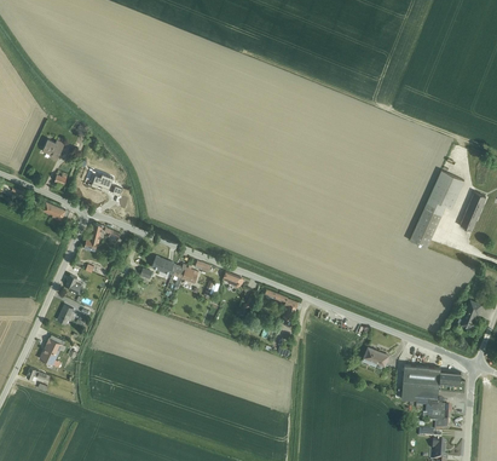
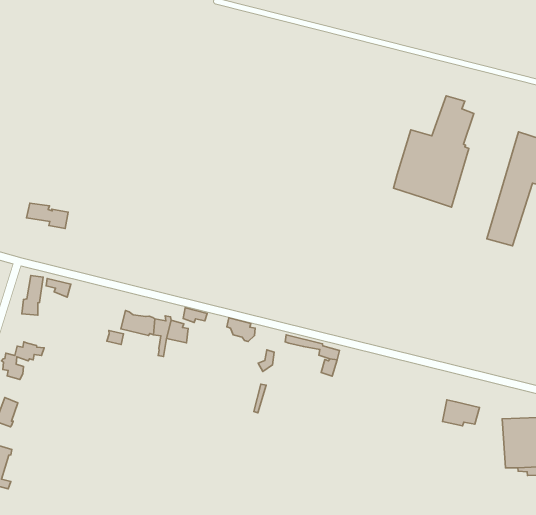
building: none -> [394,96,474,207]

